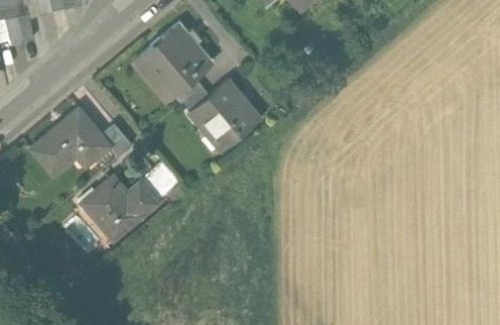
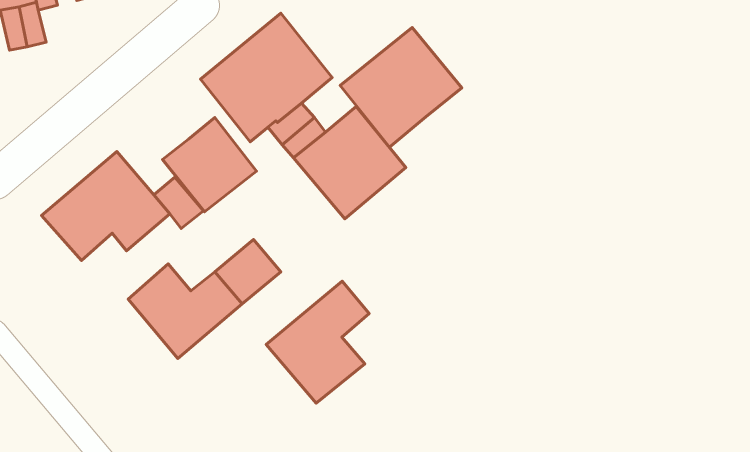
building: none -> [340,28,462,147]
building: none -> [162,118,257,212]
building: none -> [266,281,369,403]

